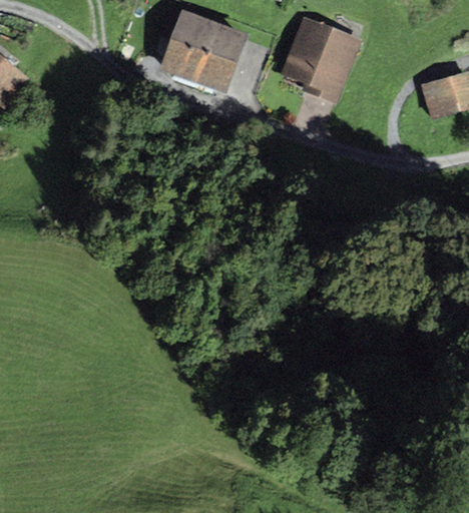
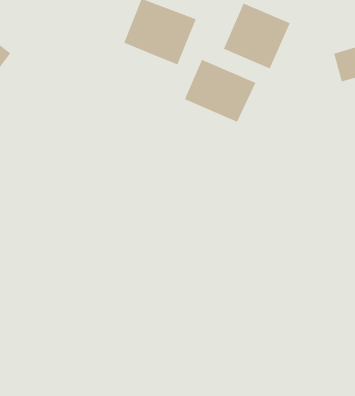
building: none -> [184,59,256,123]

